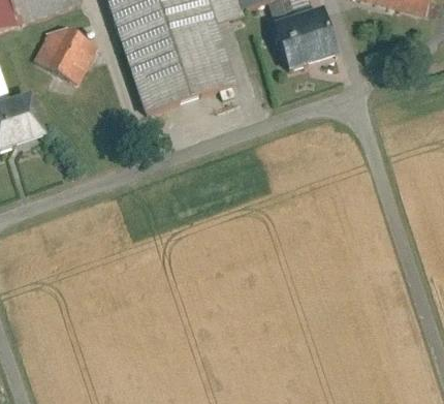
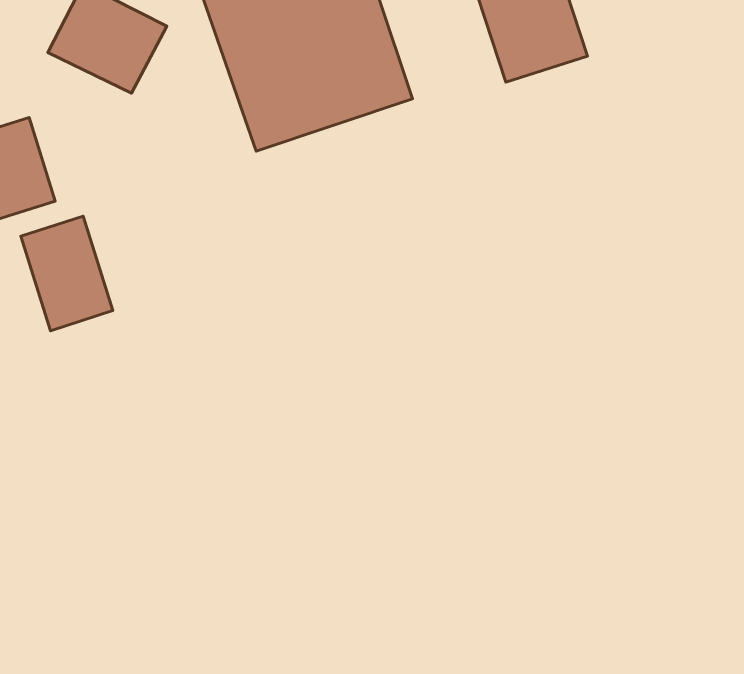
building: none -> [21,216,113,331]

